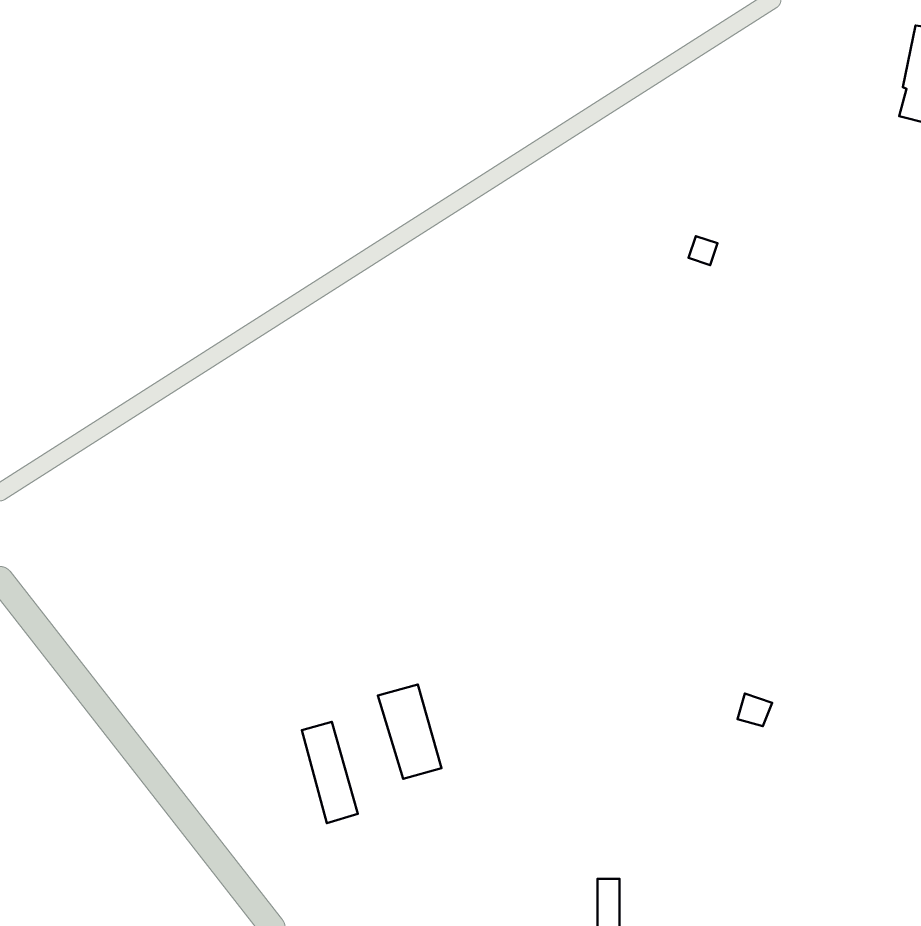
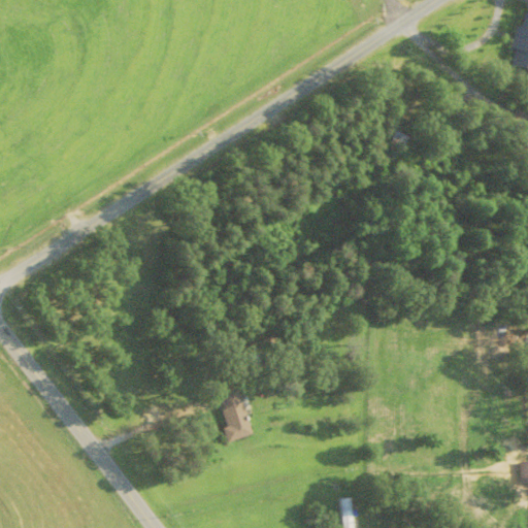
building: [302,722,358,823] -> none

